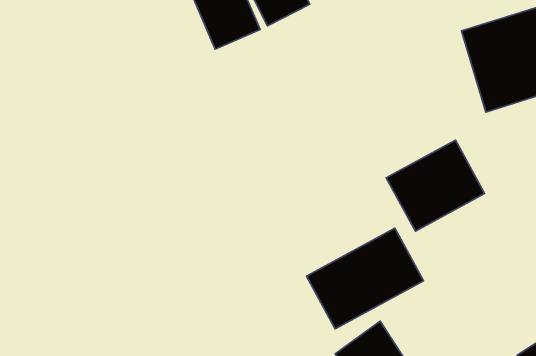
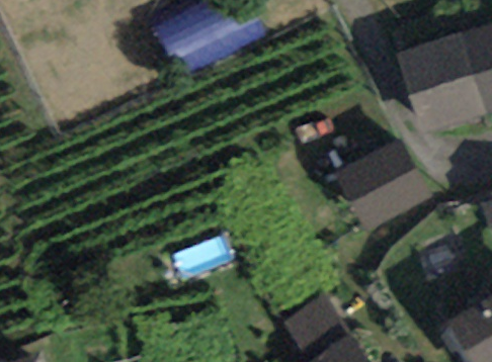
building: [307,228,423,329] -> none

